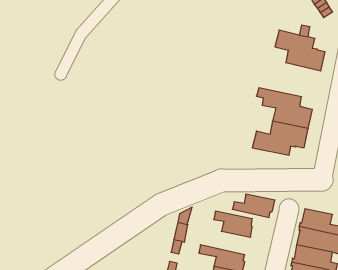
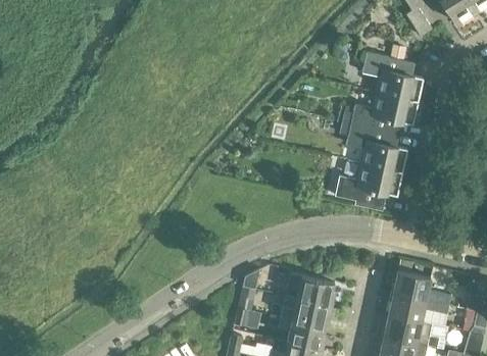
building: none -> [342,92,418,134]
building: [232,194,275,218] -> [280,298,332,326]

